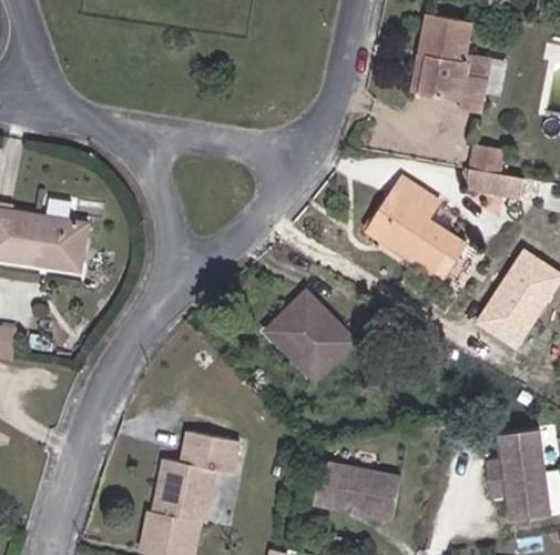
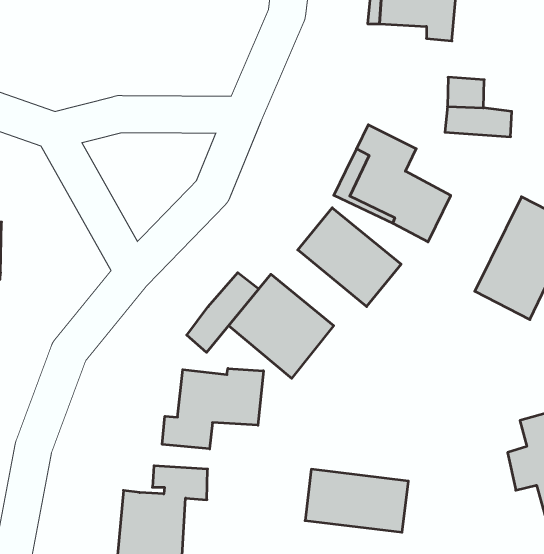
building: none -> [298,208,401,307]
building: none -> [187,273,259,352]
building: none -> [162,368,263,449]

